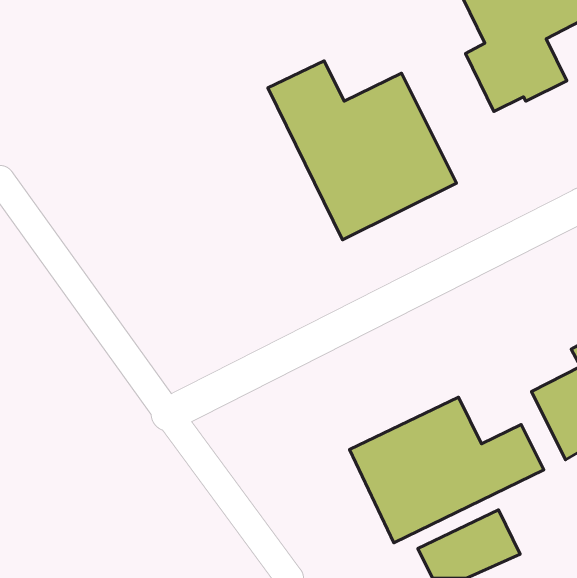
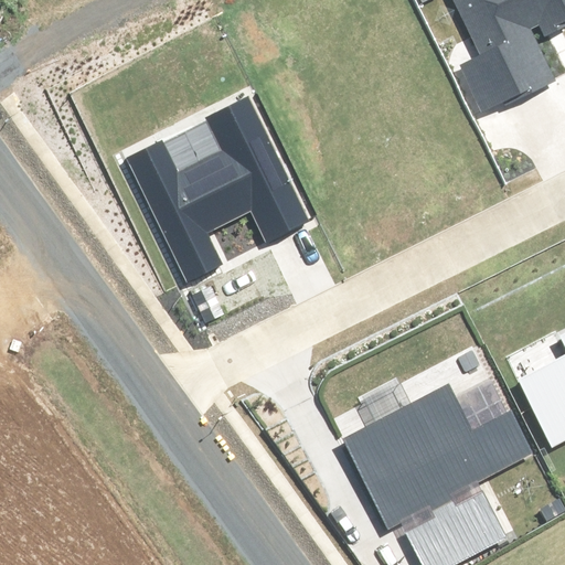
building: [268,61,456,240] -> none
building: none -> [121,96,311,285]

